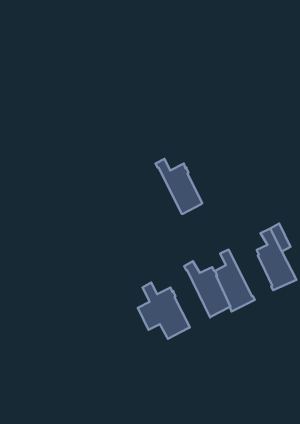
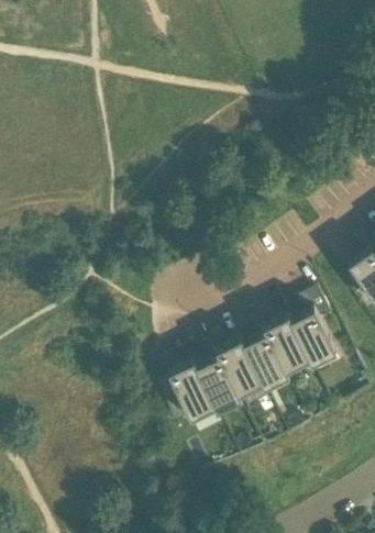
building: [156,159,202,214] -> [260,310,312,373]
building: none -> [200,343,245,413]

